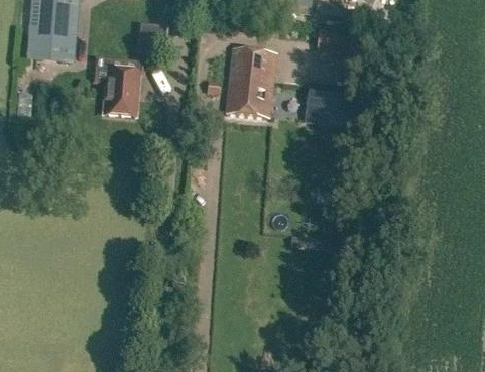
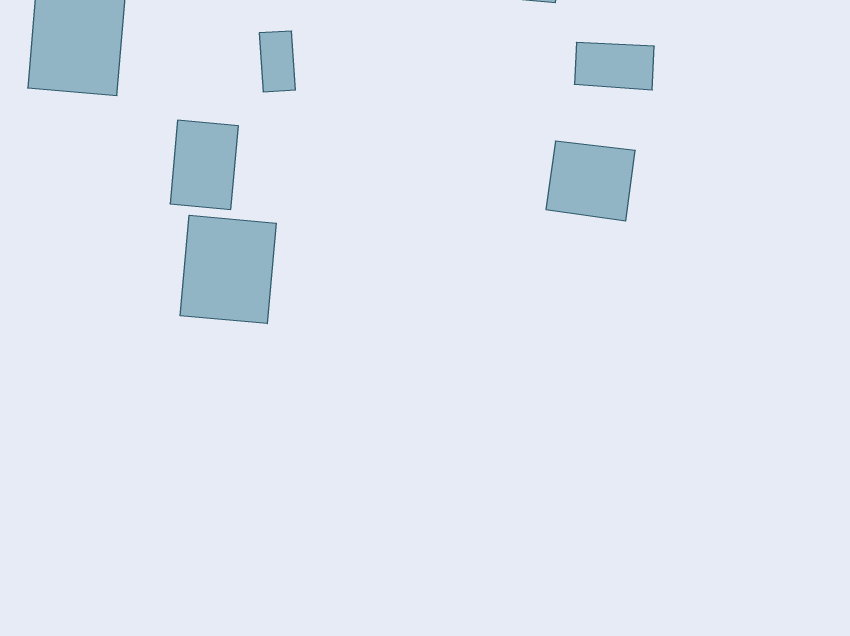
building: [225,48,277,118] -> none
building: none -> [180,215,276,324]

